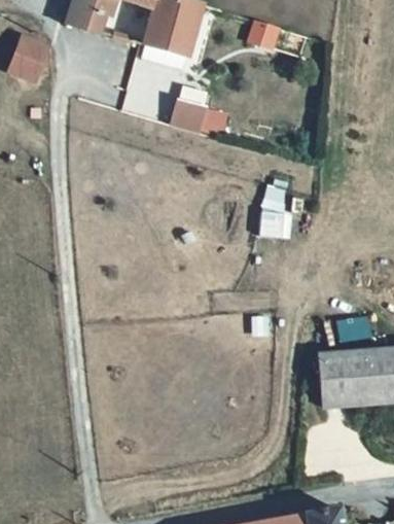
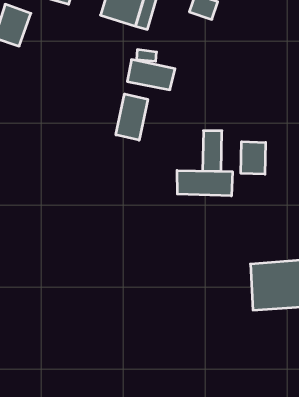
building: none -> [116,94,148,140]
building: none -> [241,142,266,174]
building: none -> [177,170,232,196]

